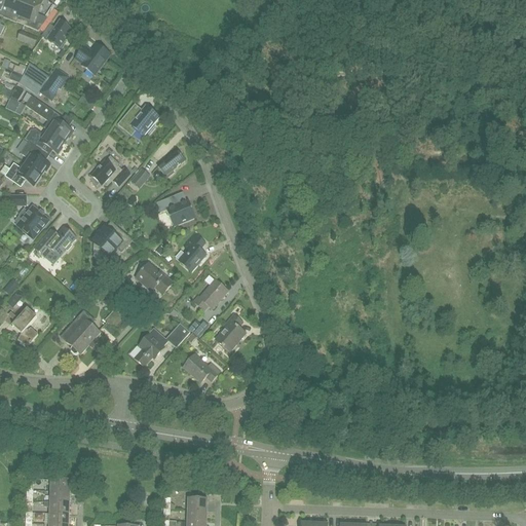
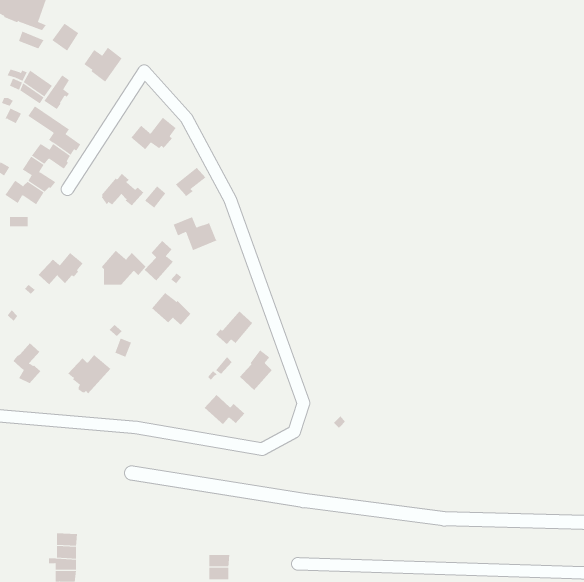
building: [15,204,48,237] -> none
building: [179,233,205,270] -> [144,240,174,281]
building: [134,329,167,366] -> none

